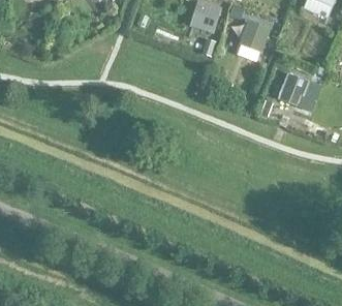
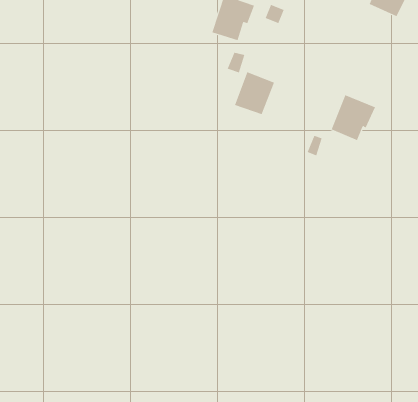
building: [239,21,269,53] -> [234,71,275,115]

